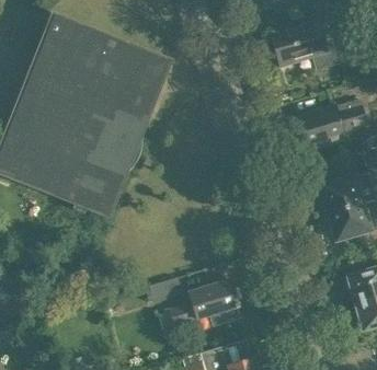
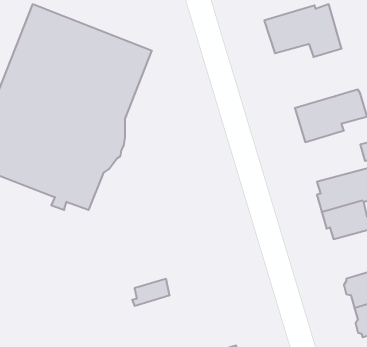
building: [169,278,240,326] -> none

